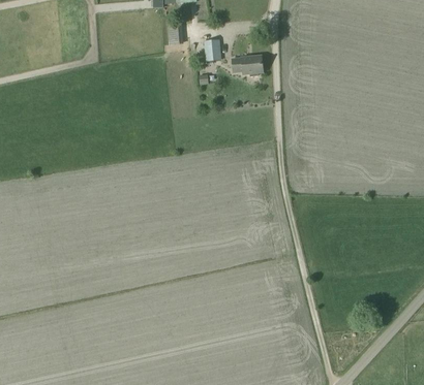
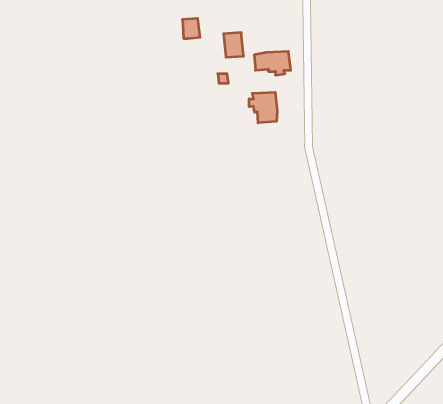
building: none -> [249,92,277,123]

